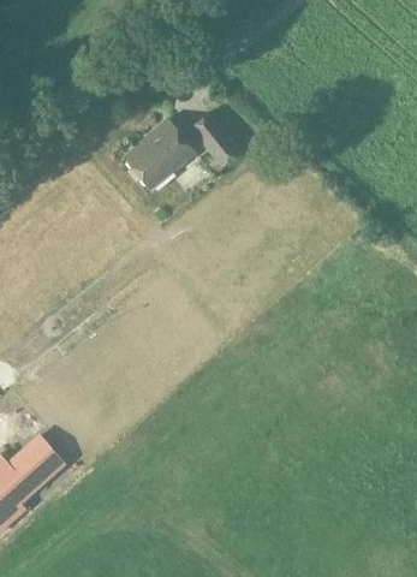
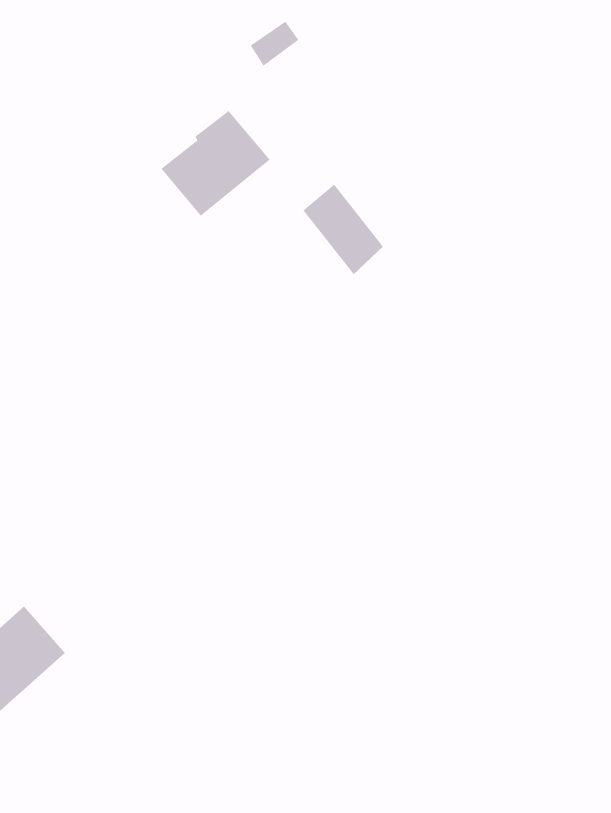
building: [187,111,239,168] -> [302,184,384,275]

